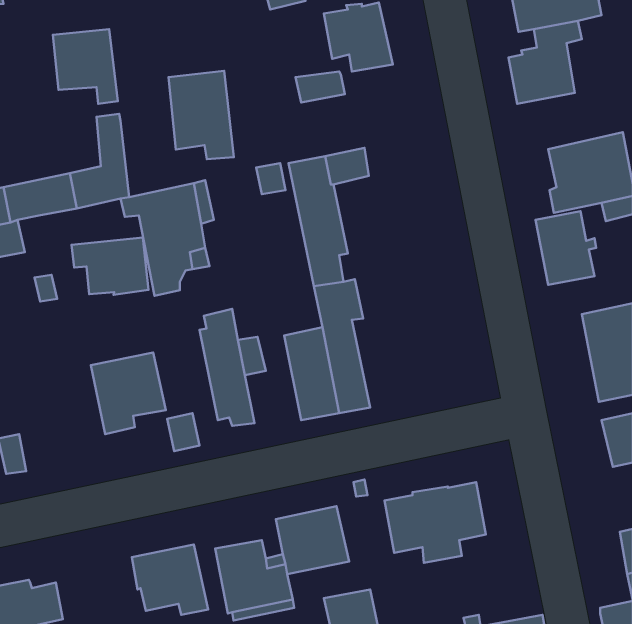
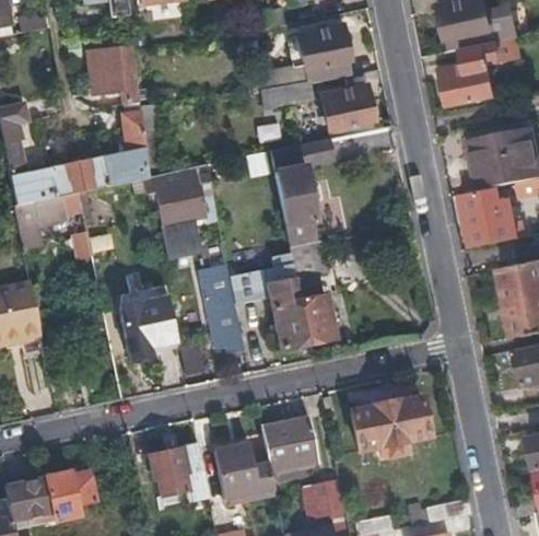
building: [168,71,234,159] -> none
building: none -> [323,86,375,129]
building: [72,238,149,295] -> none

